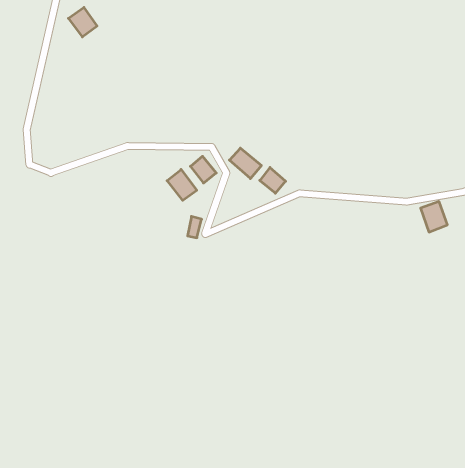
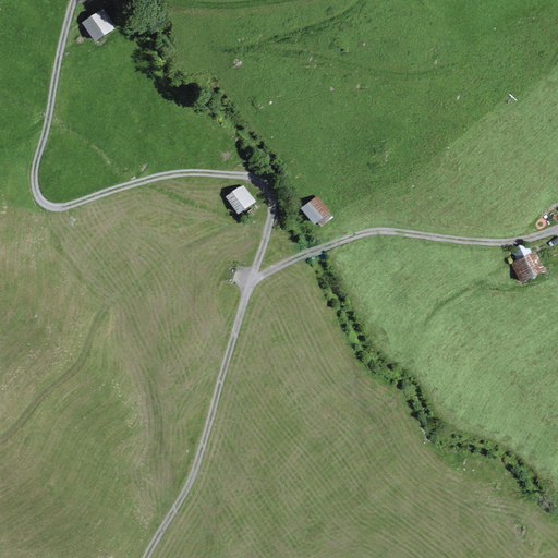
building: [229,148,261,179] -> none
building: [167,169,197,200] -> none

